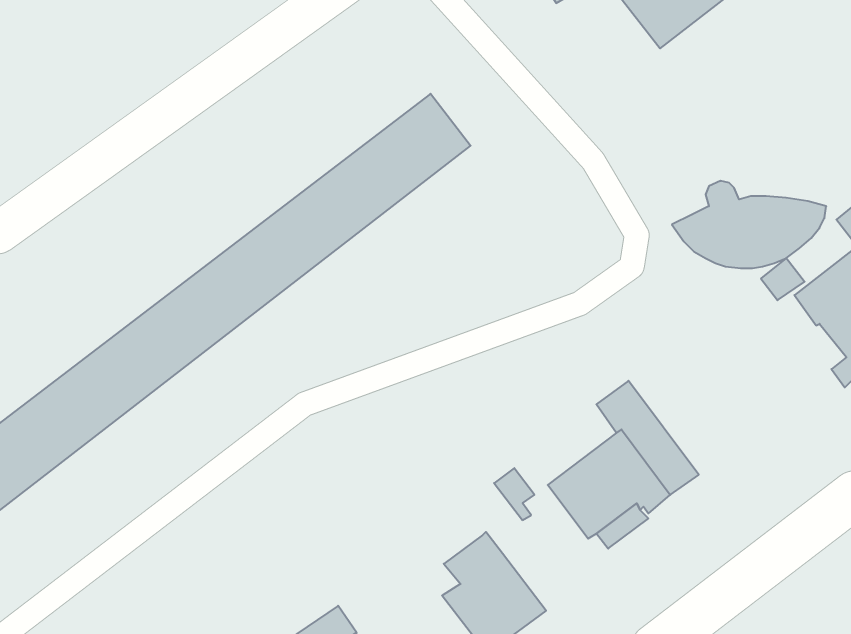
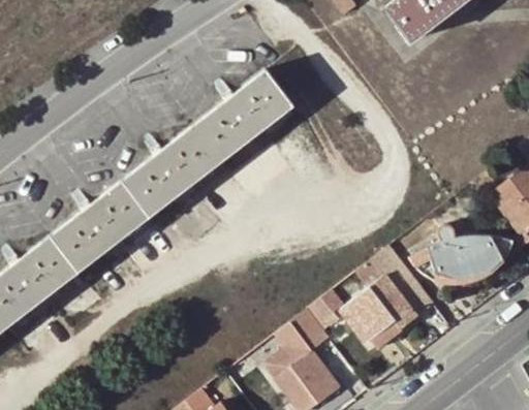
building: [672,181,826,268] -> [417,227,512,281]
building: none -> [286,312,330,355]

